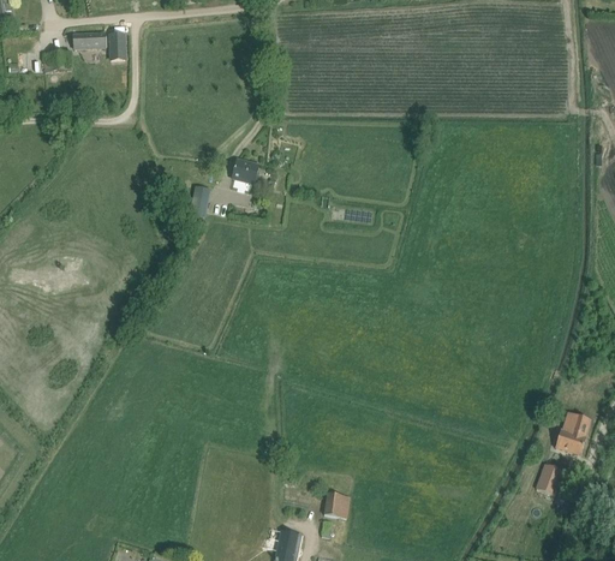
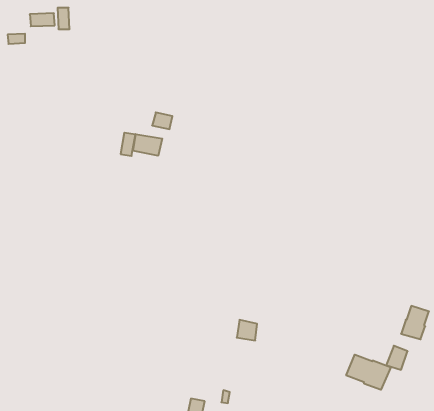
building: none -> [133,134,162,156]
building: none -> [346,355,391,390]
building: [323,493,350,519] -> [237,320,257,340]

